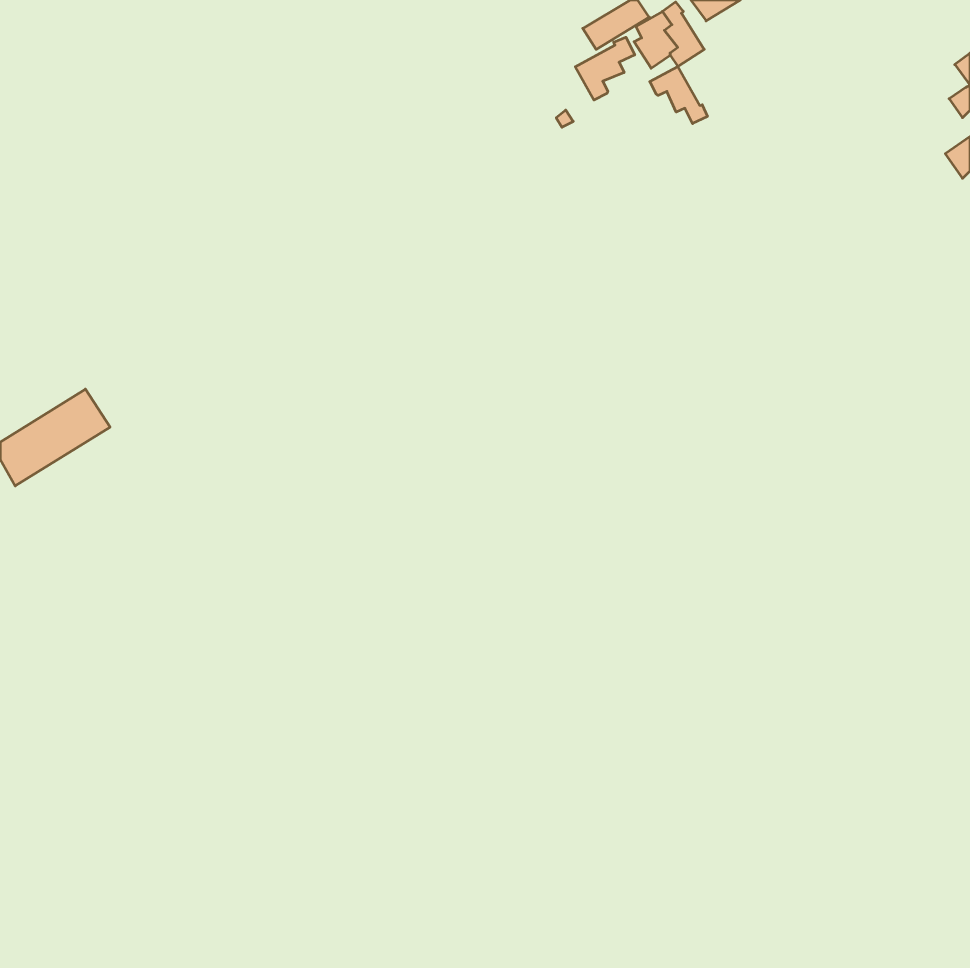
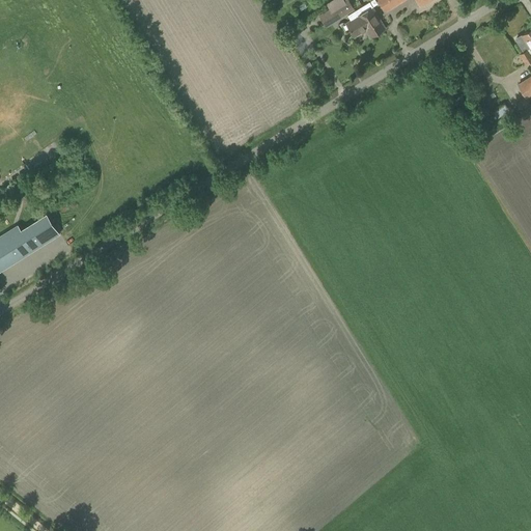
building: [575,37,635,100] -> none
building: [650,66,707,124] -> none

